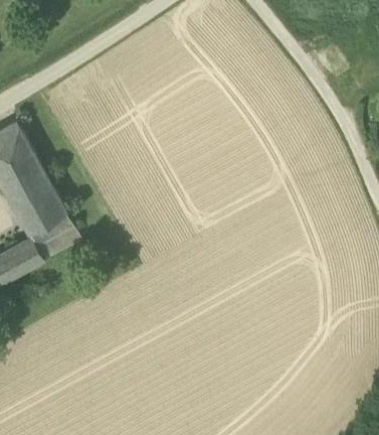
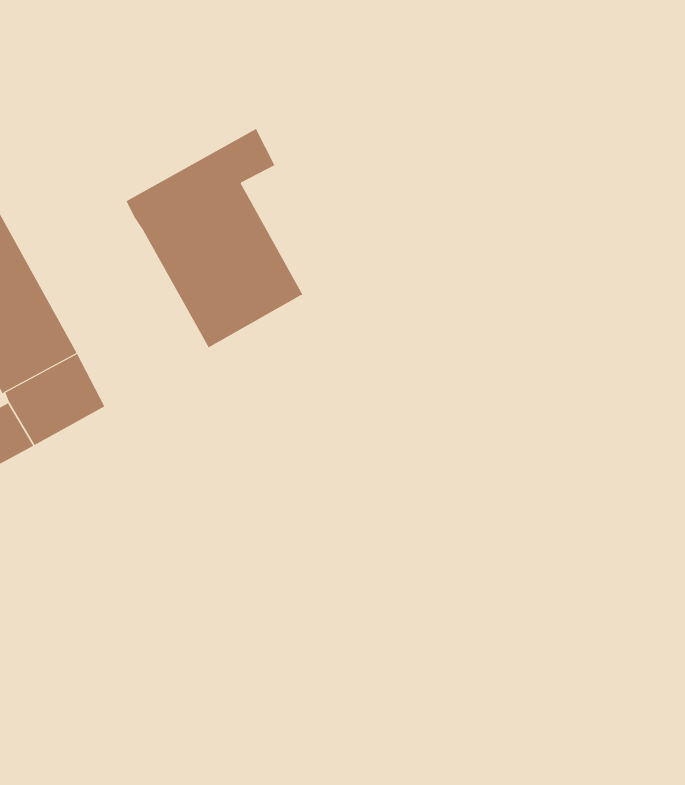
building: none -> [126,128,303,348]

